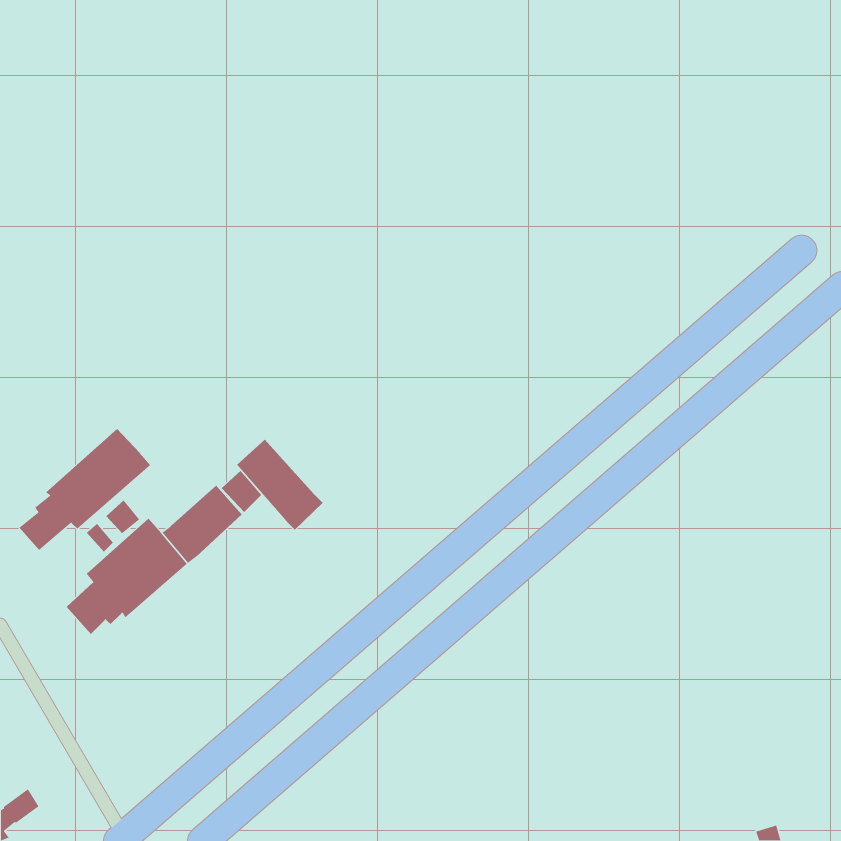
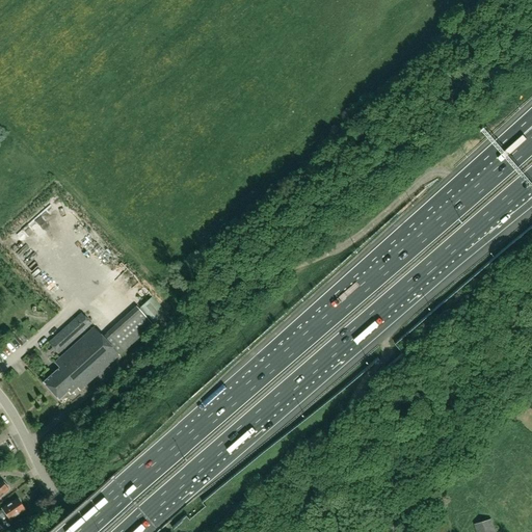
building: [19,428,151,551] -> none
building: [236,439,323,530] -> none

